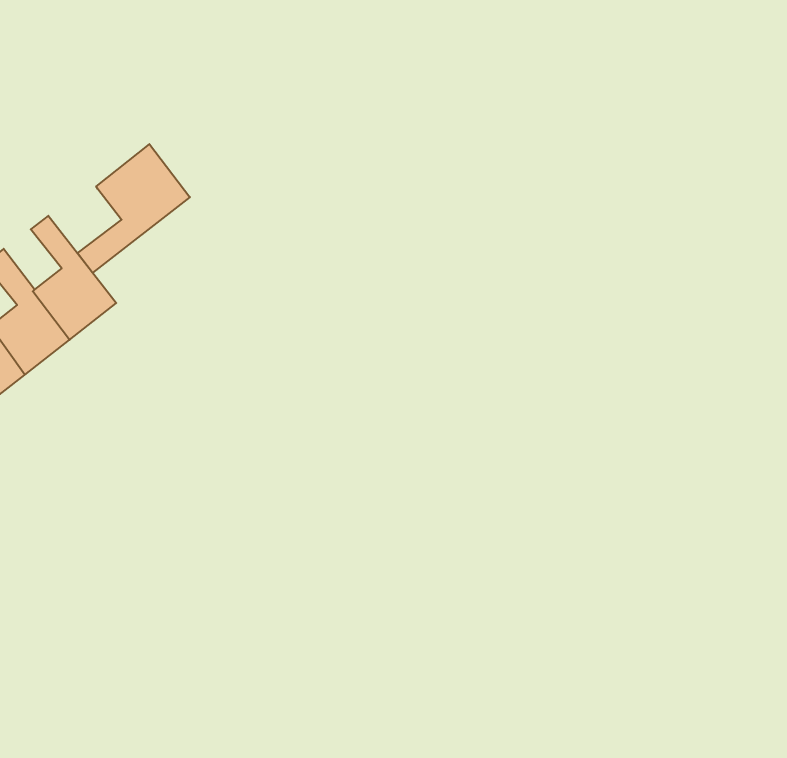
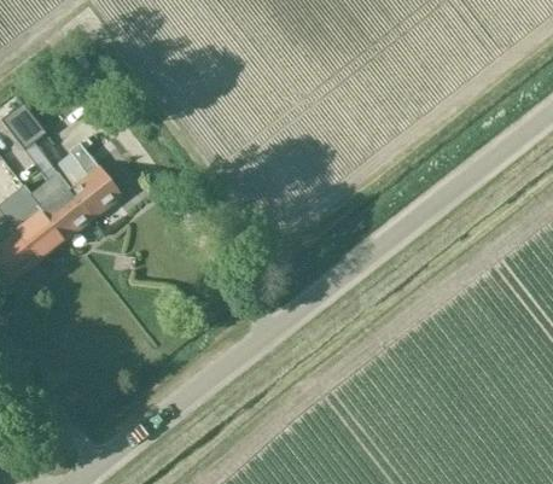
building: [77,144,190,273] -> none

